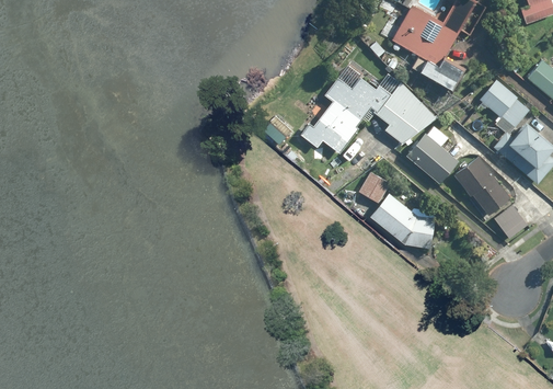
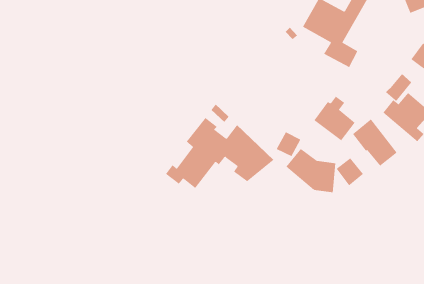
building: [300,64,437,153] -> [165,117,274,189]
building: [480,80,518,117] -> none
building: [494,204,529,240] -> [336,157,364,186]

